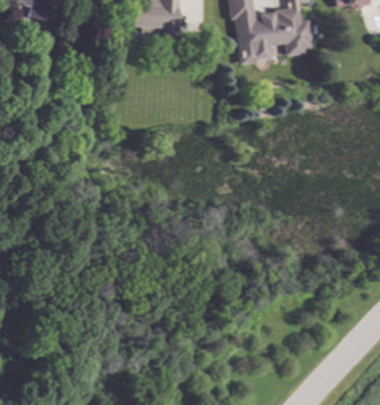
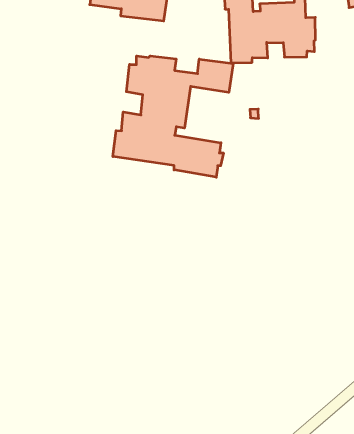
building: none -> [113,56,233,177]

